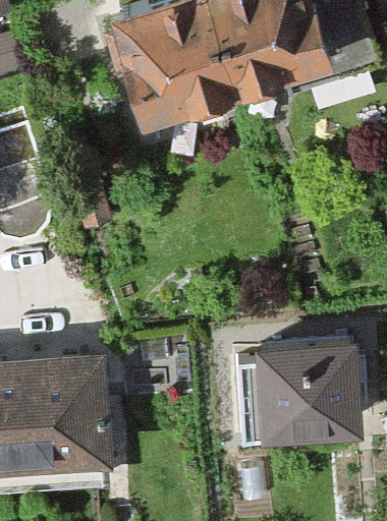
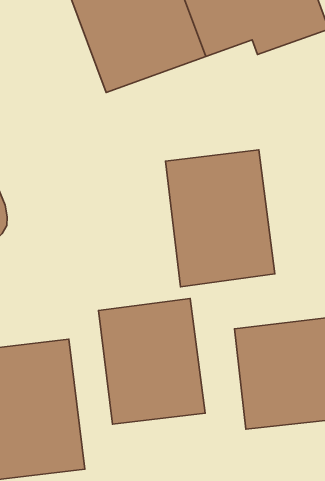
building: none -> [165,150,275,287]
building: none -> [99,299,205,424]

